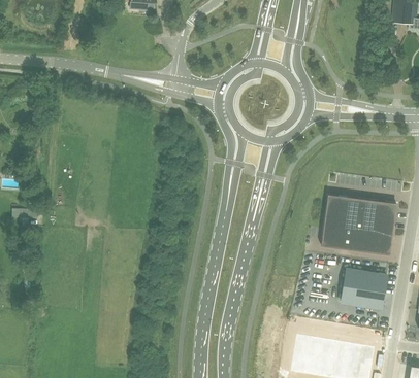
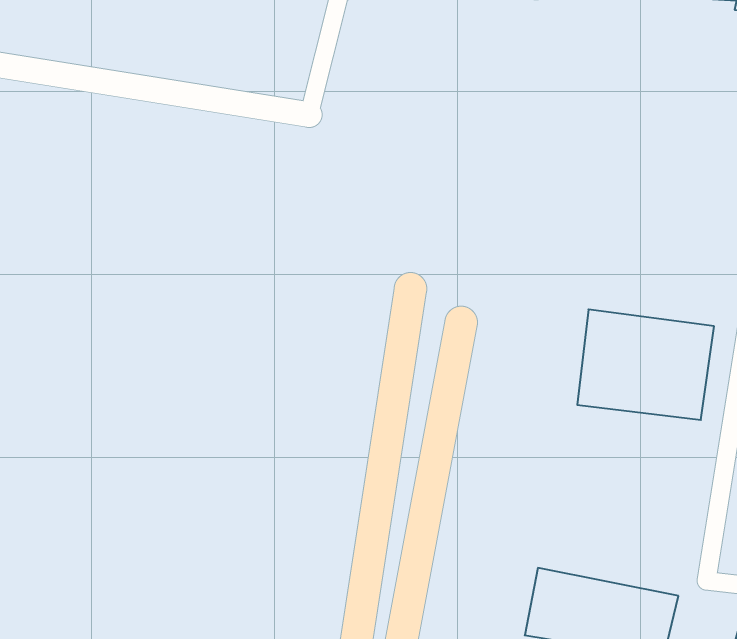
building: [340,272,385,312] -> none

